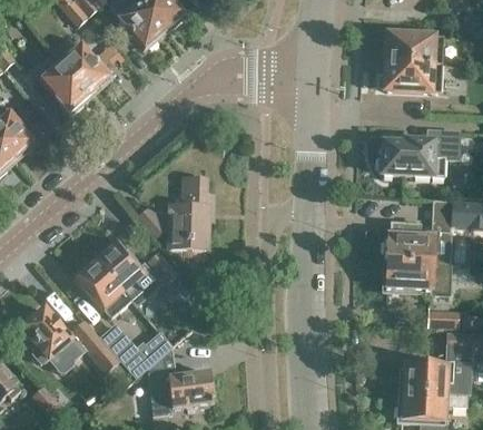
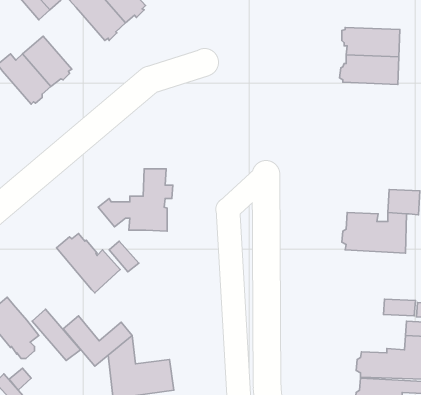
building: [378,127,459,176] -> none
building: [77,257,130,316] -> none
building: [386,260,450,293] -> none

